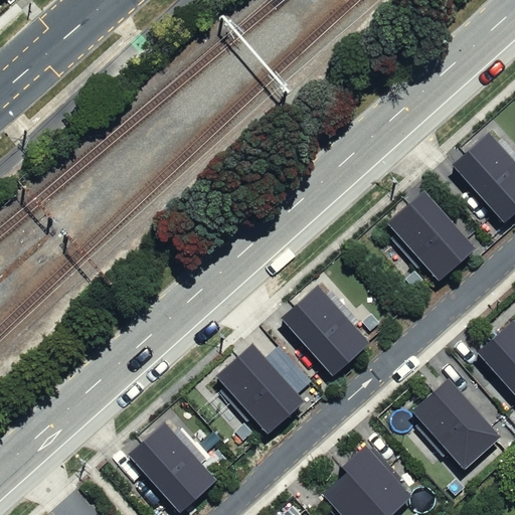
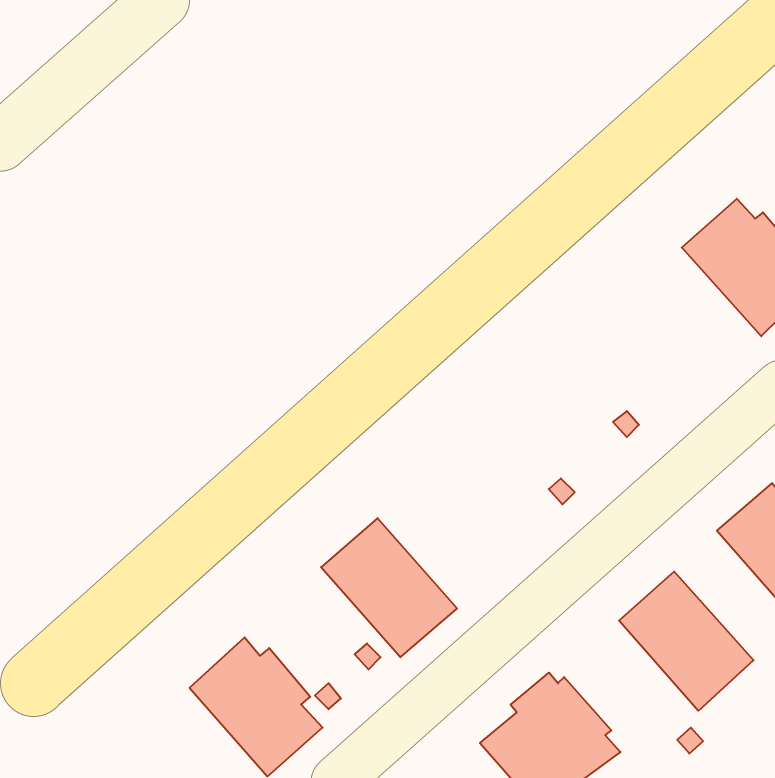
building: [386,190,476,282] -> none
building: [281,284,370,376] -> none

